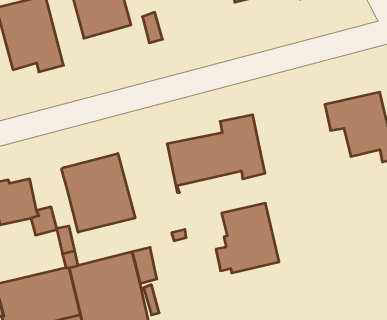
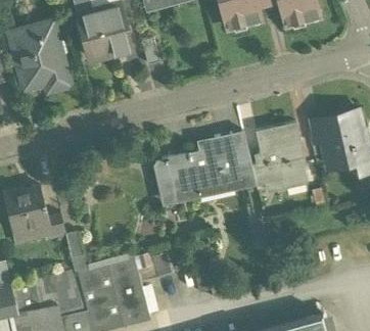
building: [62,153,135,232] -> none
building: [216,203,279,273] -> [249,123,307,186]

